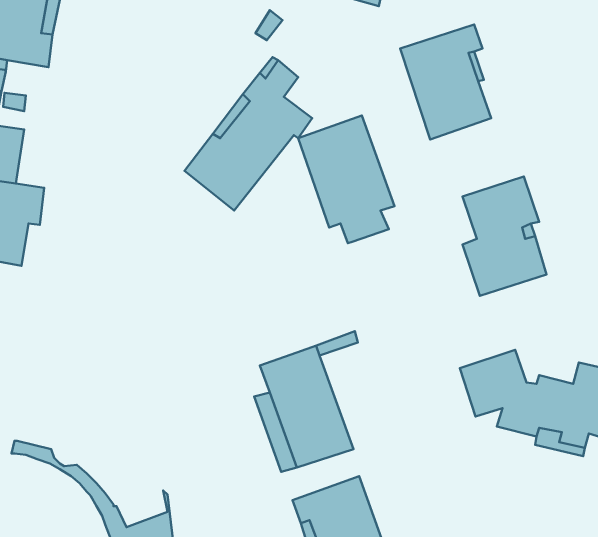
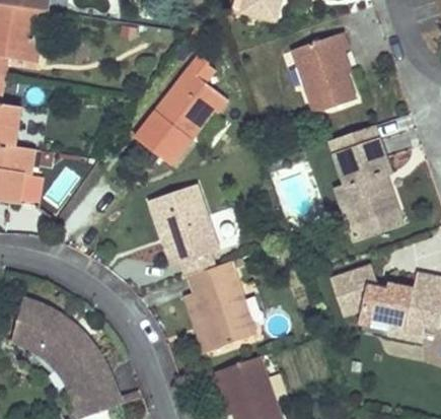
building: [298,115,395,243] -> [150,186,219,277]
building: none -> [13,293,123,392]

